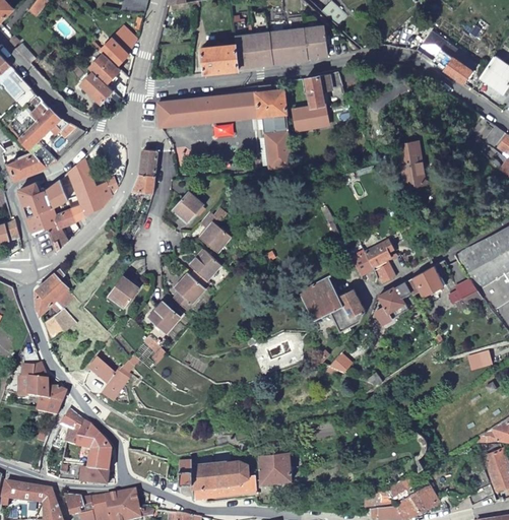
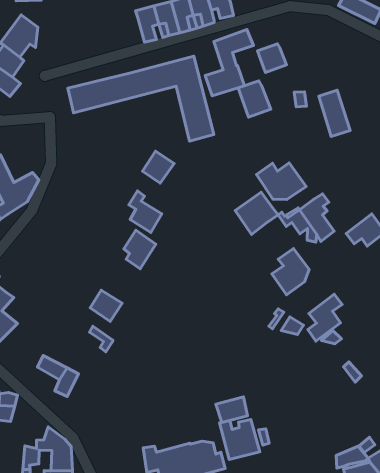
building: [200,45,238,73] -> none
building: none -> [258,44,287,72]
building: none -> [238,81,271,117]
building: [132,149,157,192] -> none
building: [173,191,204,222] -> [142,151,174,183]
building: none -> [257,163,306,200]
building: [173,273,205,310] -> none
building: [108,275,138,307] -> none
building: [300,279,340,319] -> [235,192,278,235]
building: [375,281,411,324] -> [308,294,342,341]
building: [60,408,91,445] -> none
building: none -> [216,397,248,422]

